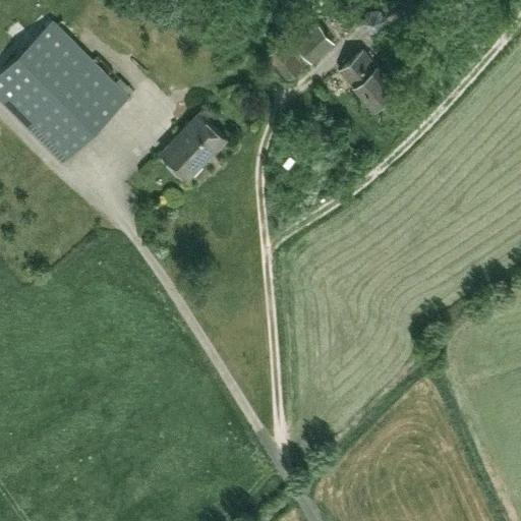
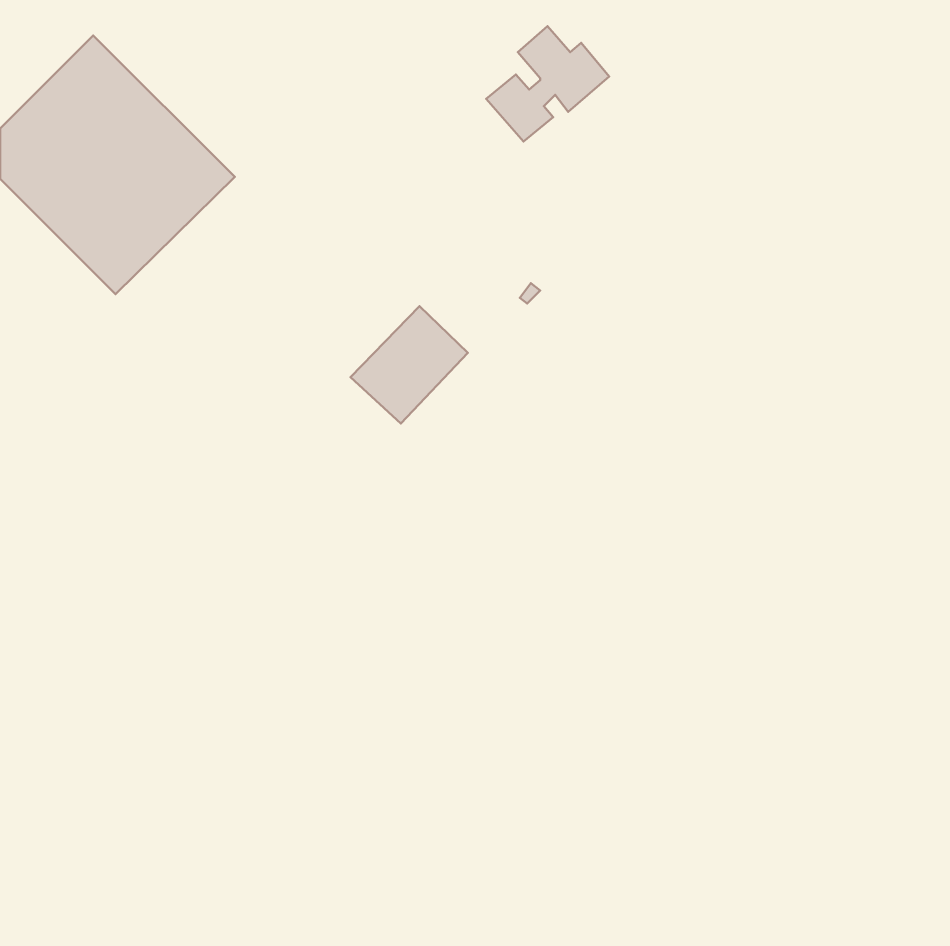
building: [340,52,396,110] -> none
building: [162,115,226,179] -> [351,306,468,424]

